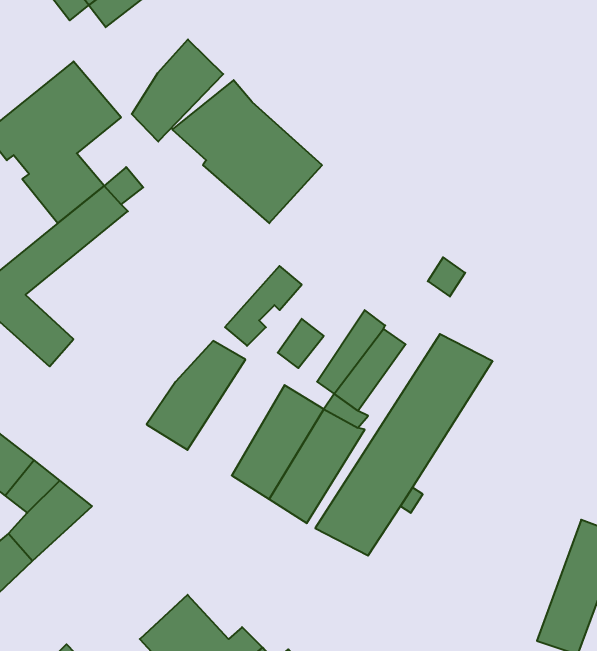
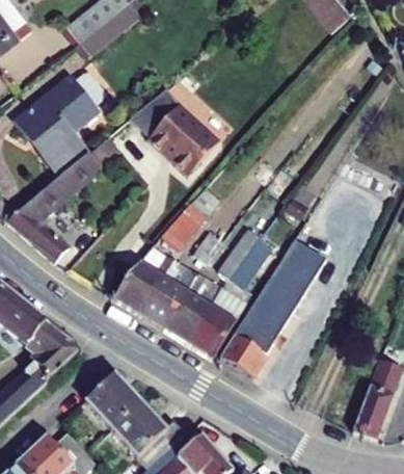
building: [132,39,223,142] -> none
building: none -> [139,257,198,327]
building: none -> [84,372,139,427]

